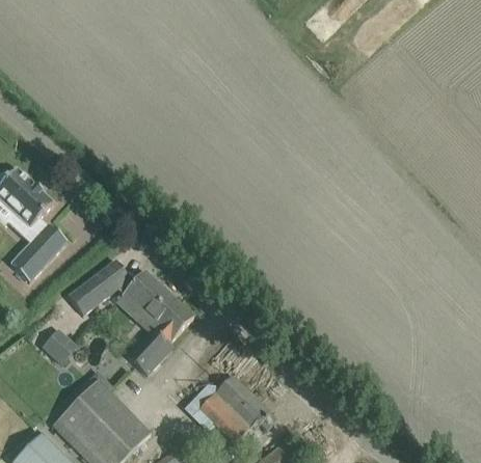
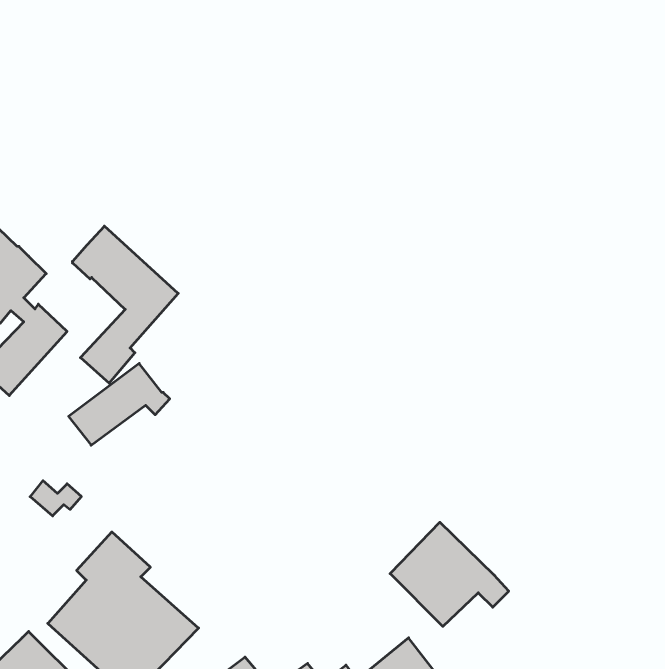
building: [124,272,192,374] -> [72,226,178,383]
building: [199,376,276,443] -> [390,522,509,626]

